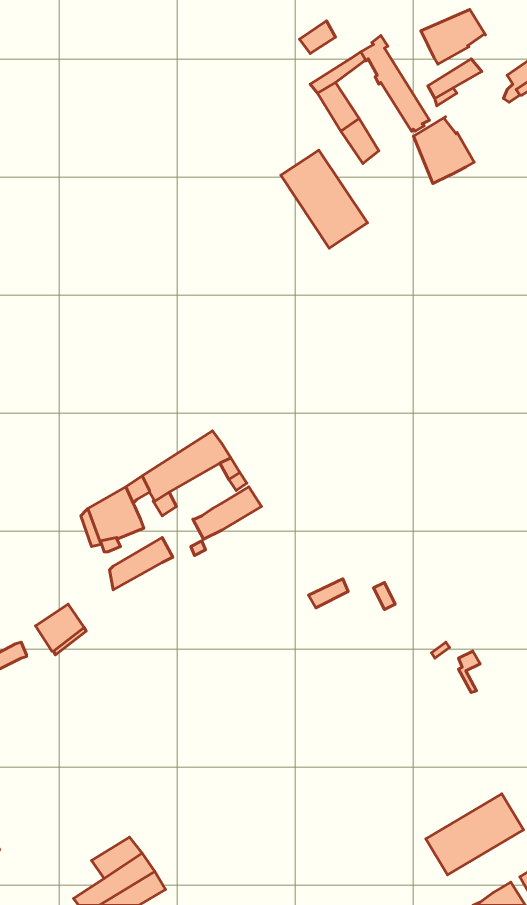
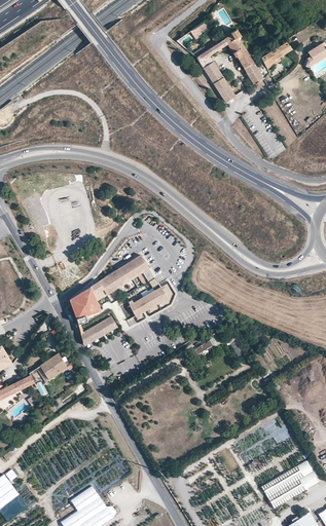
building: [421,9,485,64] -> none
building: [413,117,474,184] -> none
building: [281,150,367,248] -> none

